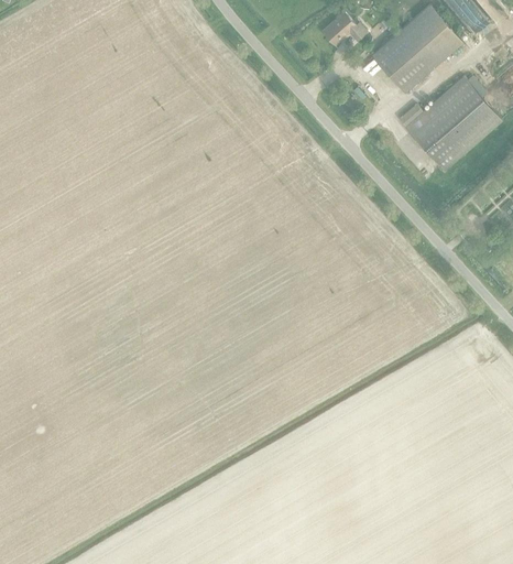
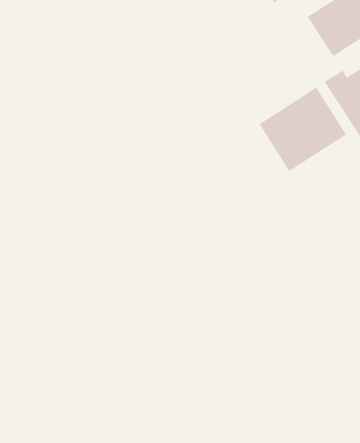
building: none -> [259,87,347,172]

